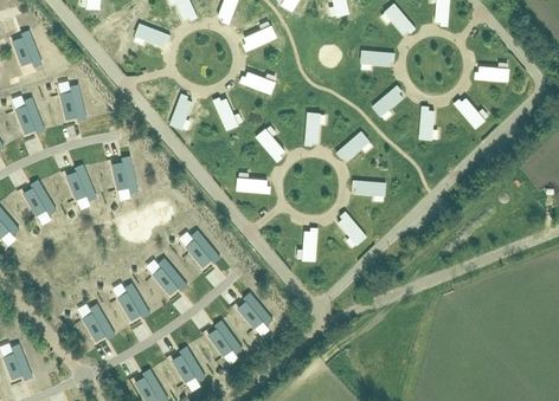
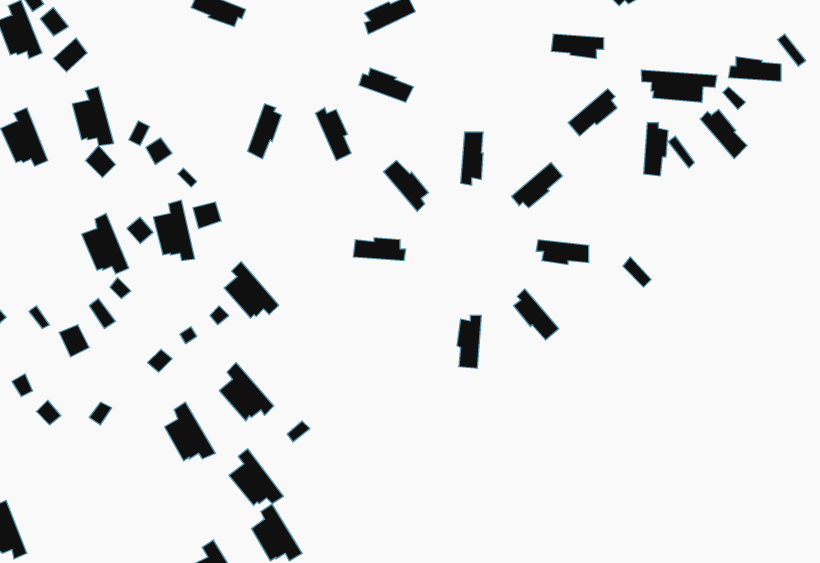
building: none -> [641,70,717,103]
building: [24,180,56,214] -> none
building: [186,229,220,265] -> [224,262,279,318]
building: [238,292,272,328] -> none
building: [83,303,115,338] -> none
building: [208,319,243,355] -> [229,449,284,506]

